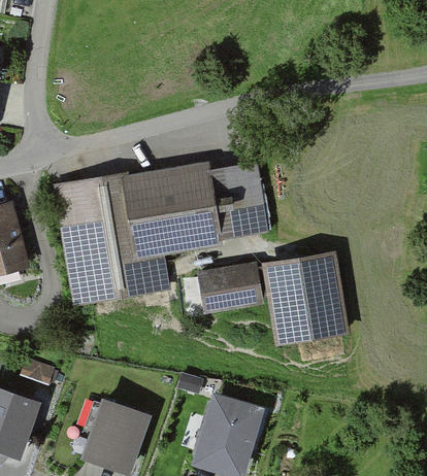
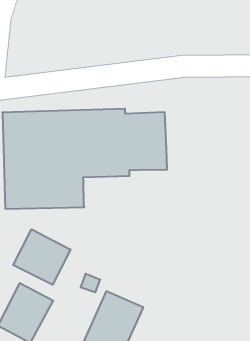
building: [195,249,347,345] -> none
building: none -> [13,229,71,285]

